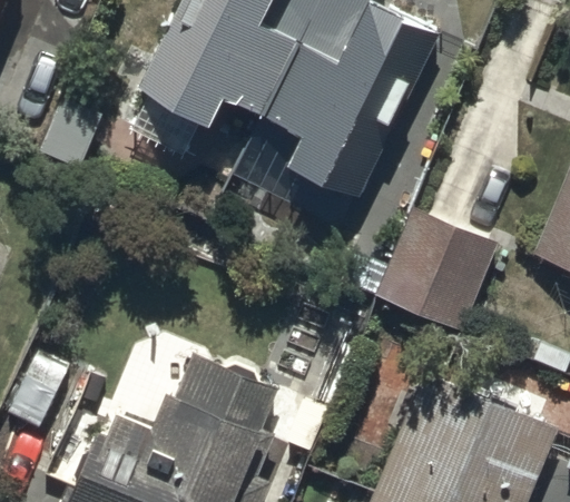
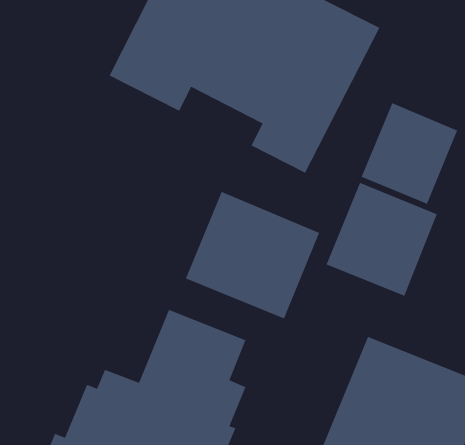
building: none -> [361,102,458,205]
building: none -> [185,191,320,320]

